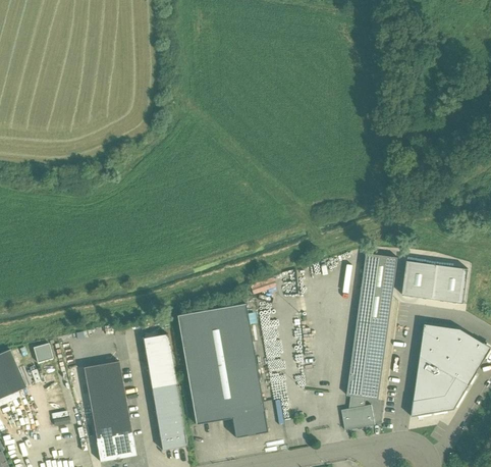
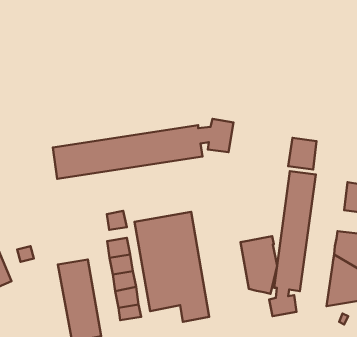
building: none -> [53,119,233,179]
building: [402,261,437,300] -> [288,138,317,169]
building: none -> [107,211,127,230]
building: none -> [241,236,277,294]
building: [159,430,186,450] -> none

